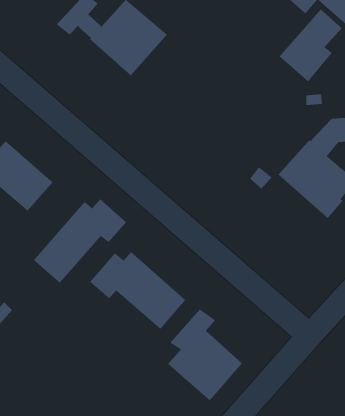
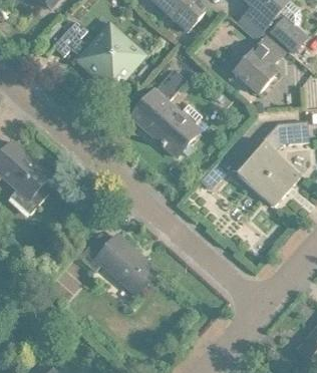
building: none -> [139,81,198,156]
building: [33,199,127,284] -> none
building: [167,308,243,402] -> none

